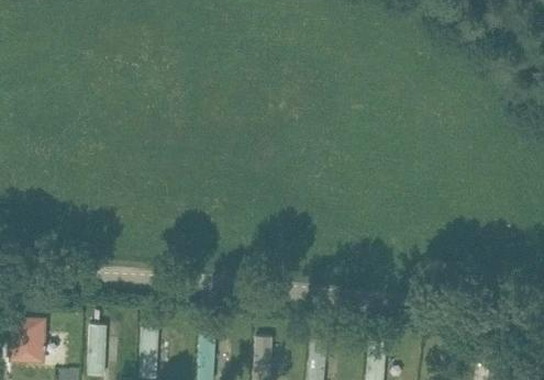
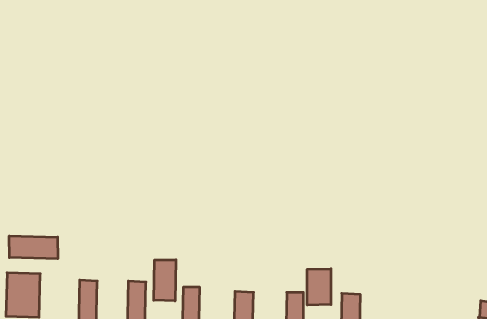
building: none -> [9,236,58,259]
building: none -> [154,260,176,301]
building: none -> [307,269,331,305]

